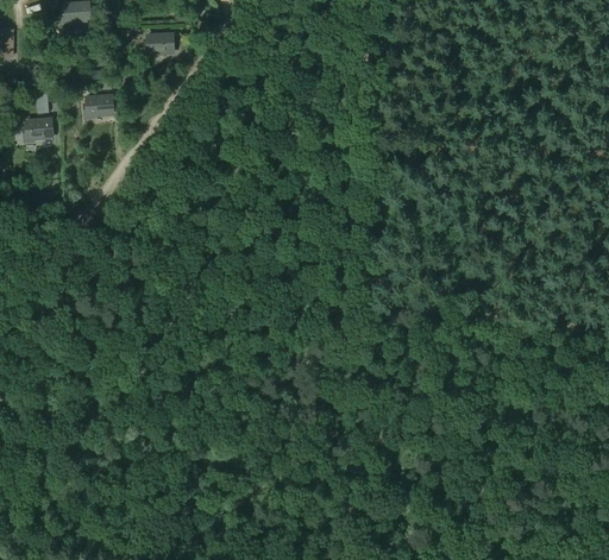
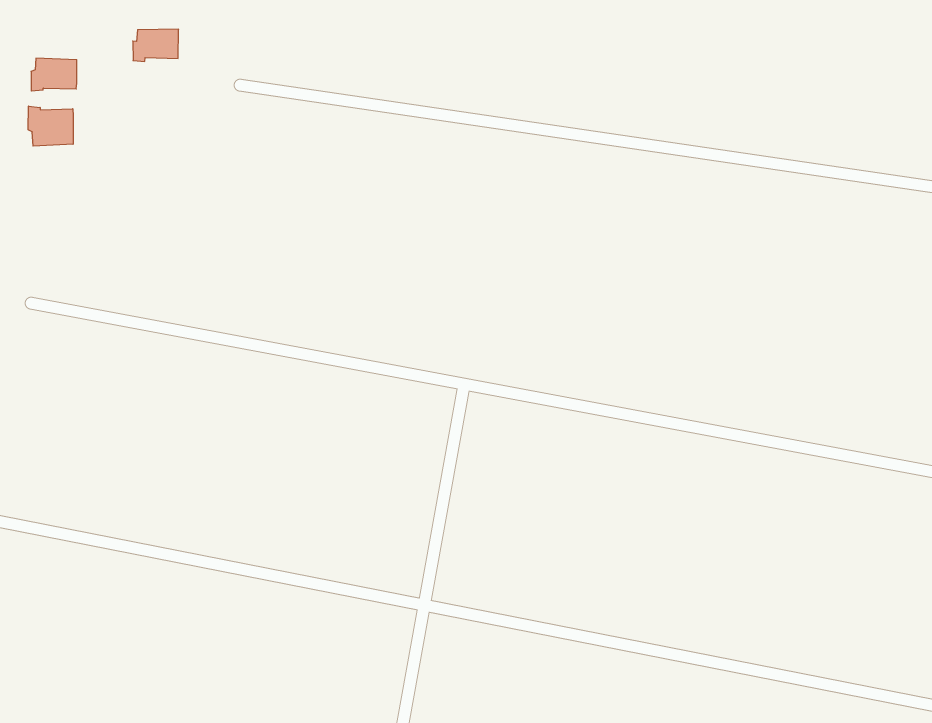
building: none -> [28,106,73,146]

